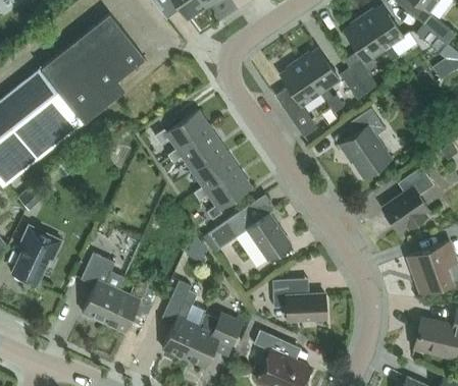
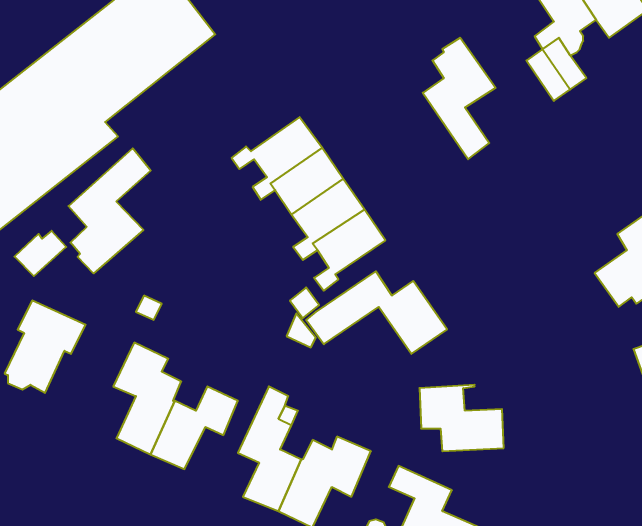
building: [299,50,344,113] -> none
building: [341,109,392,179] -> none
building: none -> [68,148,151,273]

